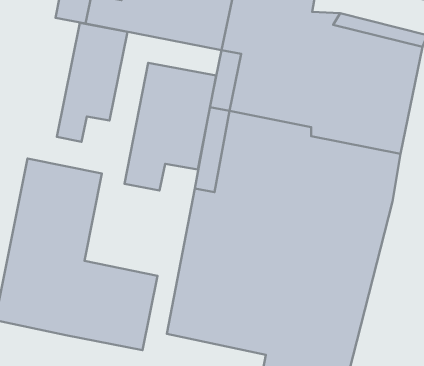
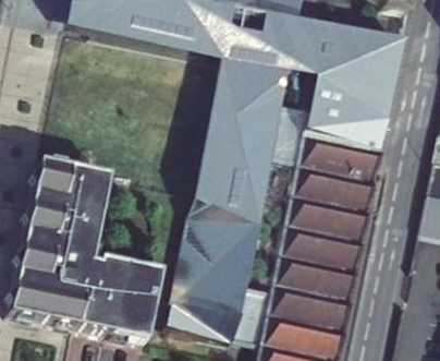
building: [57,23,127,142] -> none
building: [124,63,216,191] -> none

